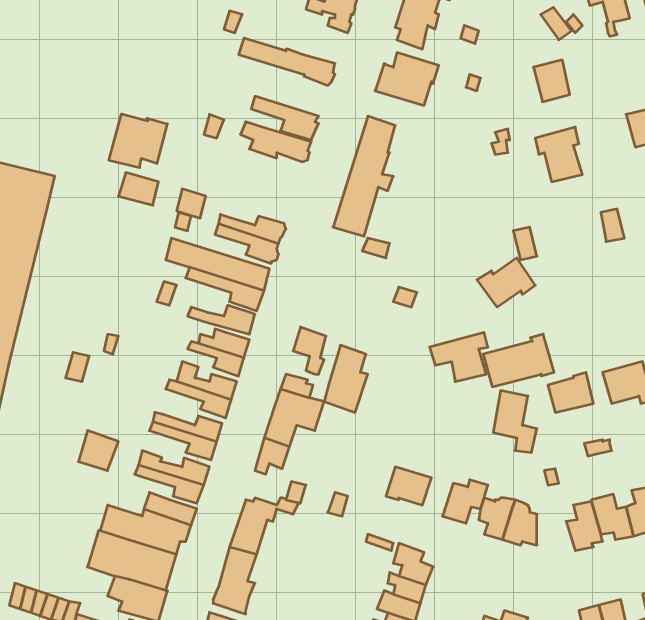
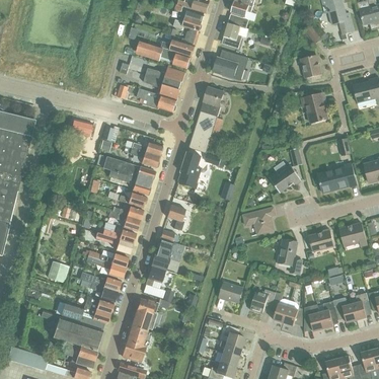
building: none -> [159,35,197,58]
building: none -> [145,67,185,86]
building: [109,114,167,168] -> none
building: [483,334,554,387] -> [317,163,357,193]
building: [324,345,368,412] -> [177,152,202,190]
building: none -> [304,305,323,331]

